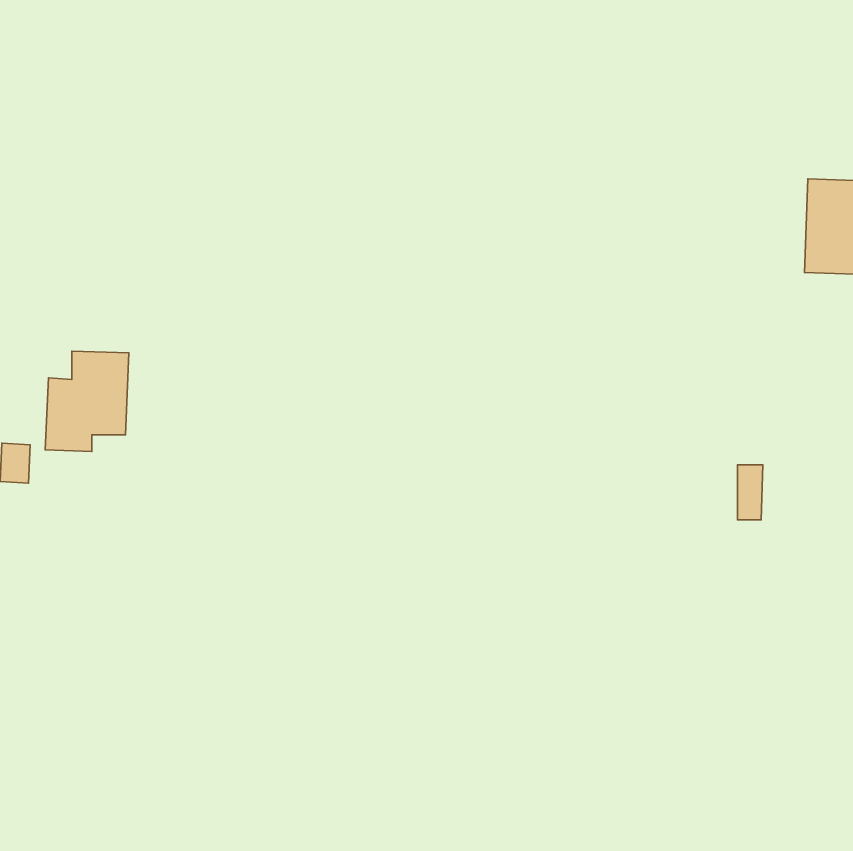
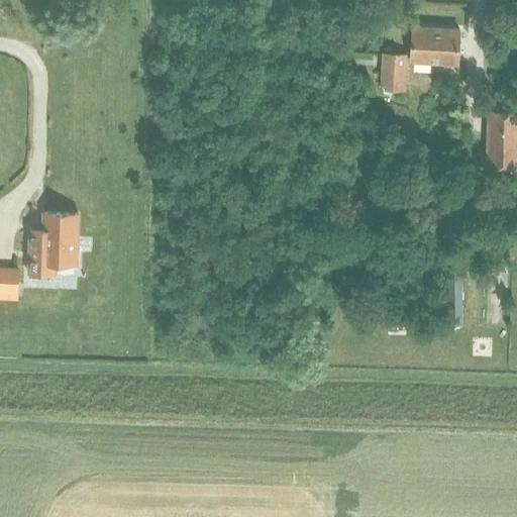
building: none -> [413,28,459,66]
building: none -> [382,56,407,93]

